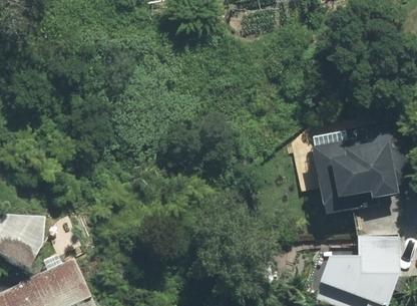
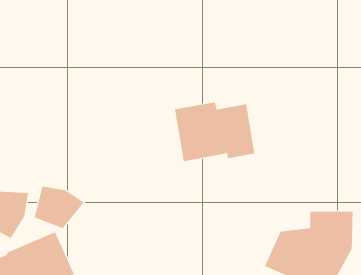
building: [306,136,394,202] -> [174,102,255,162]
building: none -> [34,186,84,229]

